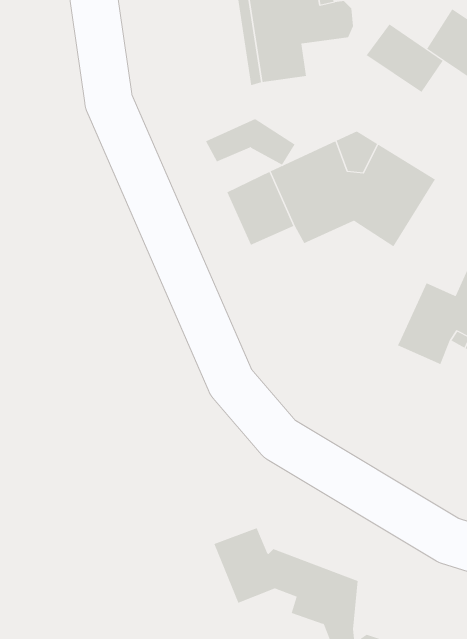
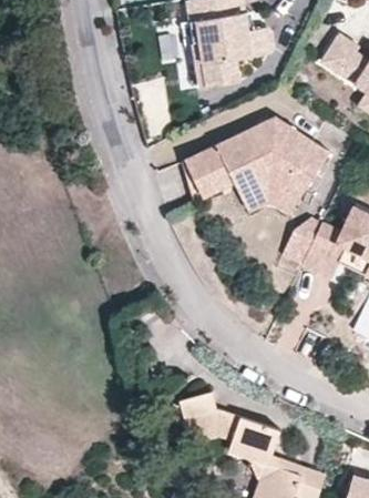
building: [366,24,443,93] -> none
building: [205,119,295,165] -> [237,181,299,213]
building: none -> [281,214,322,264]

